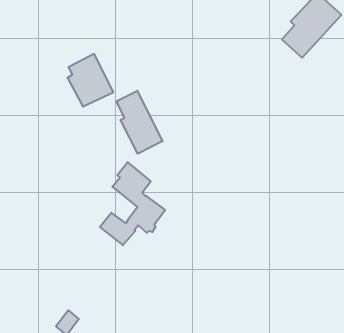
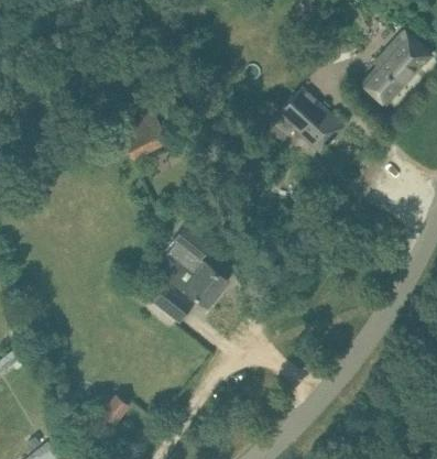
building: none -> [272,88,343,154]
building: [117,91,163,154] -> none

